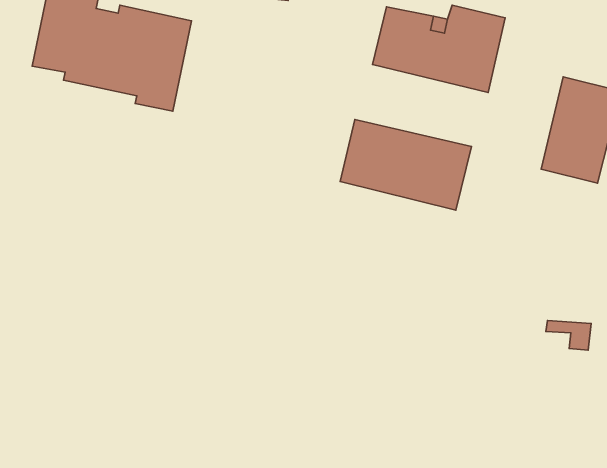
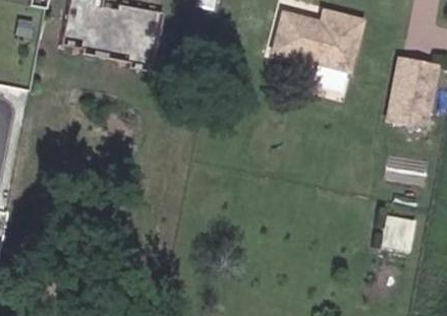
building: [340,119,471,210] -> none

